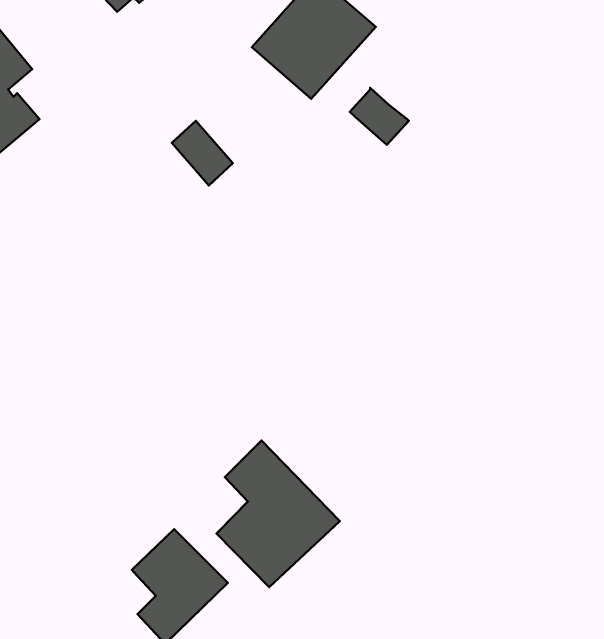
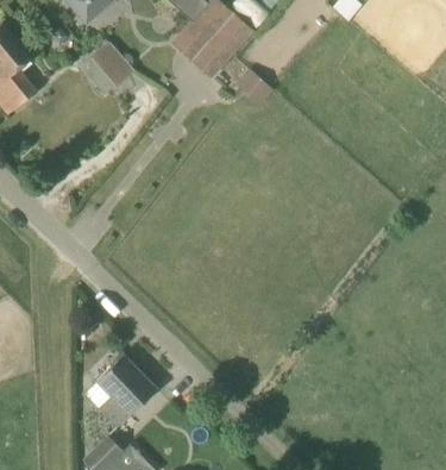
building: [172,121,233,185] -> [94,45,133,87]
building: [216,440,340,587] -> none

